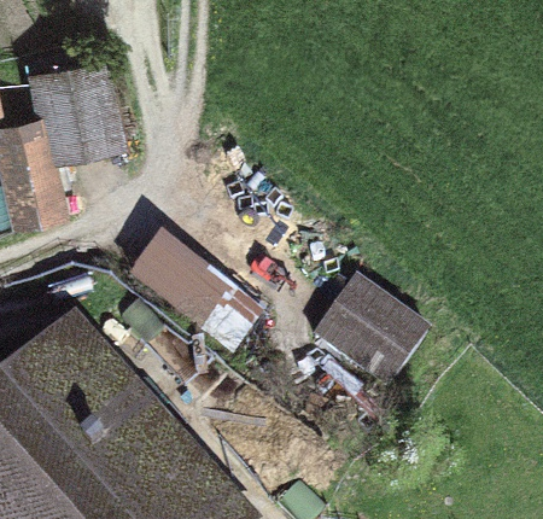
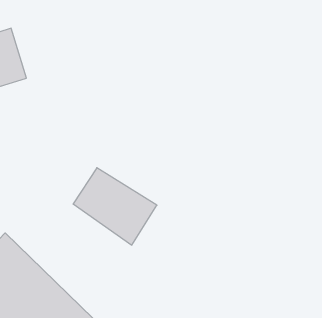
building: [305,266,416,373] -> none

